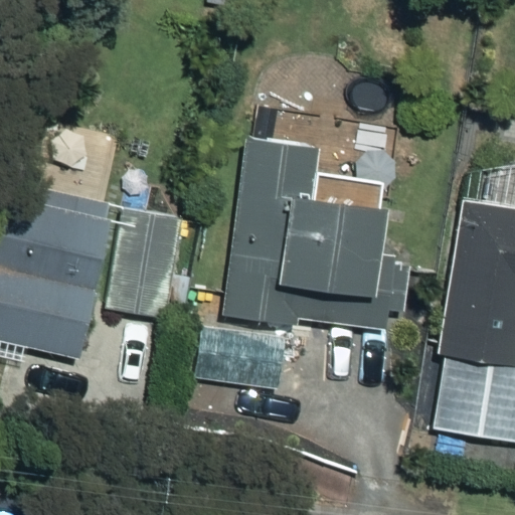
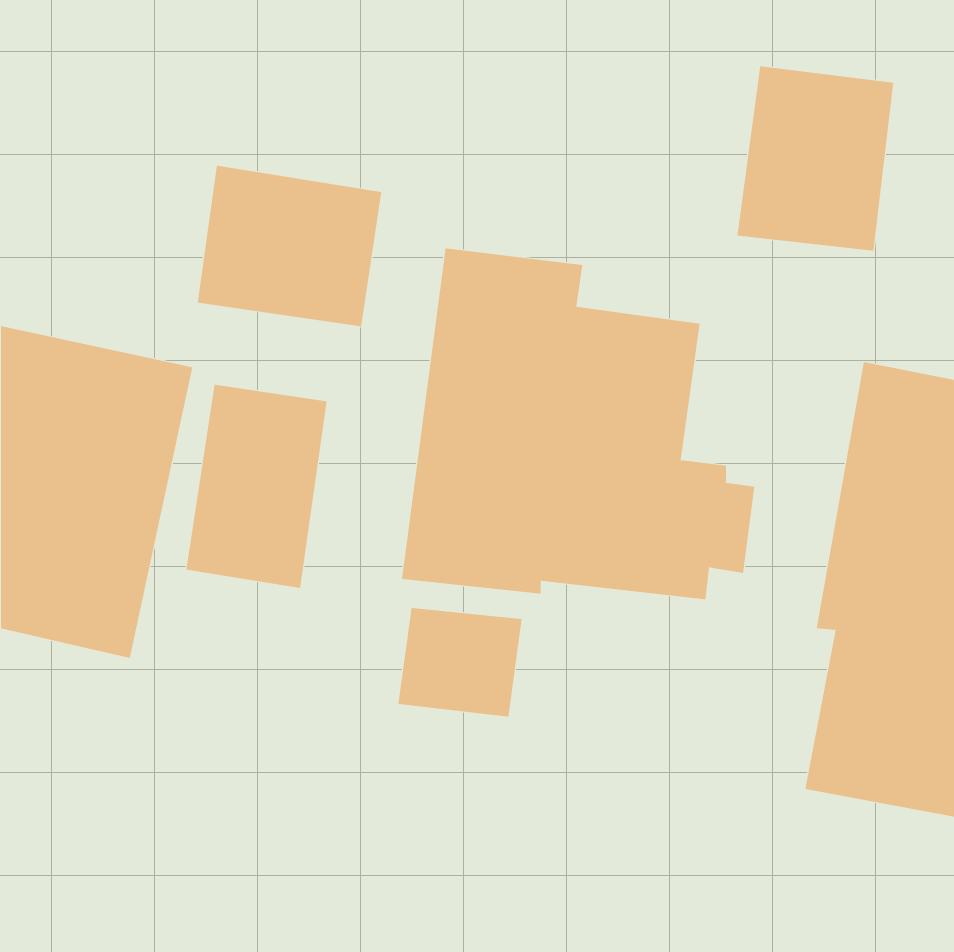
building: none -> [737,66,894,252]
building: none -> [197,165,382,327]

